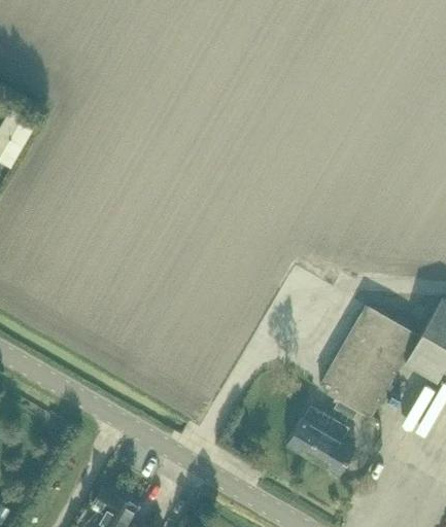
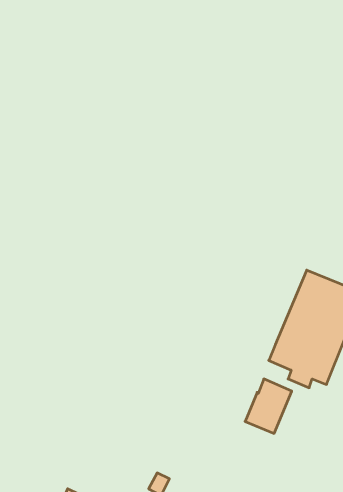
building: [314,421,357,477] -> none

